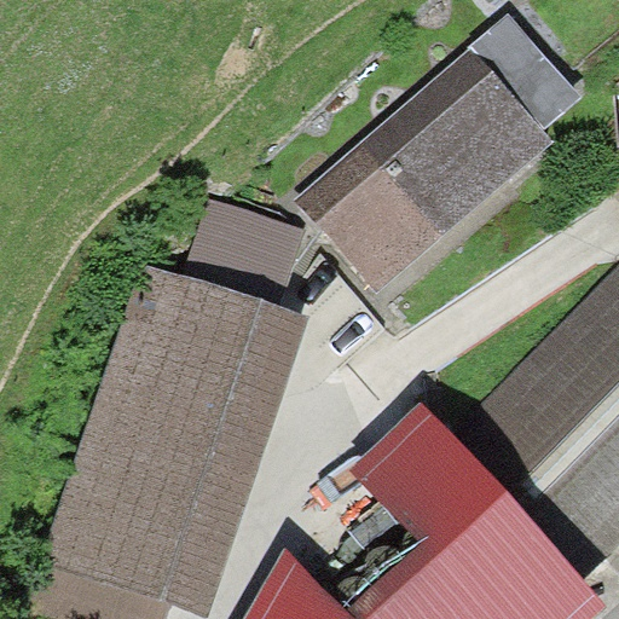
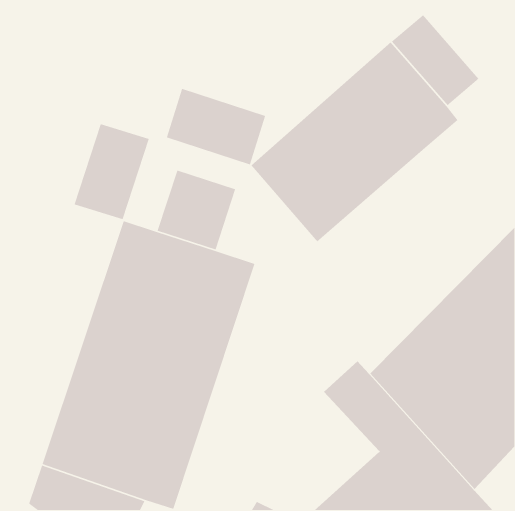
building: none -> [166,88,266,166]
building: none -> [74,123,150,220]

